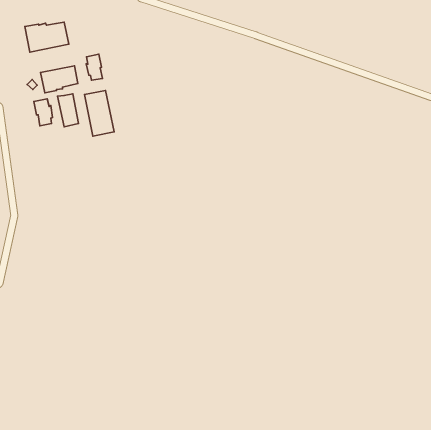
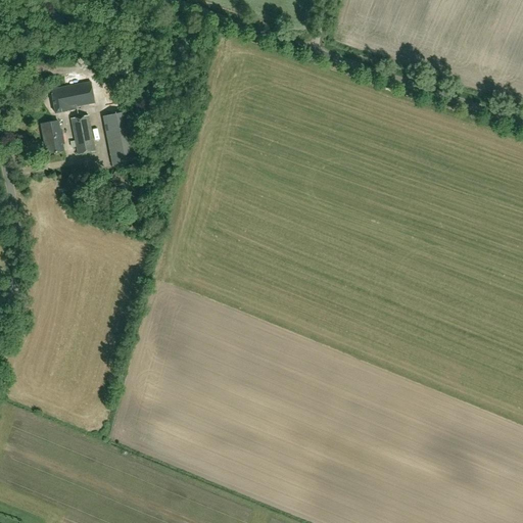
building: [25,22,69,52] -> none
building: [86,54,102,80] -> none

